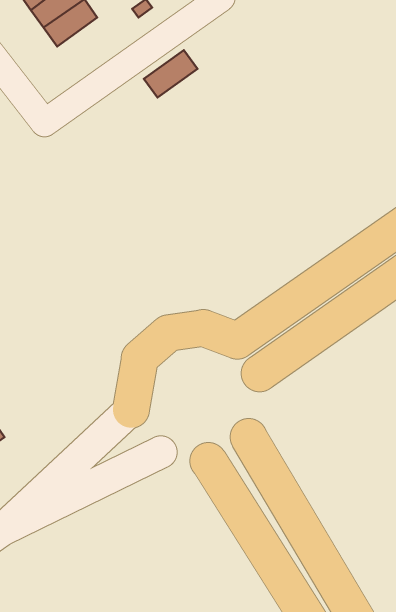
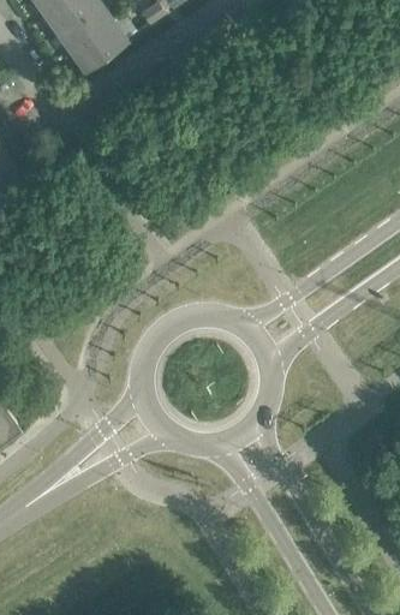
building: [144,50,197,98] -> [71,19,123,65]

